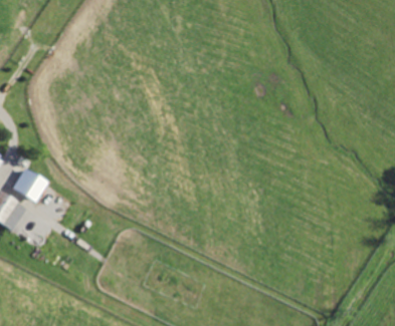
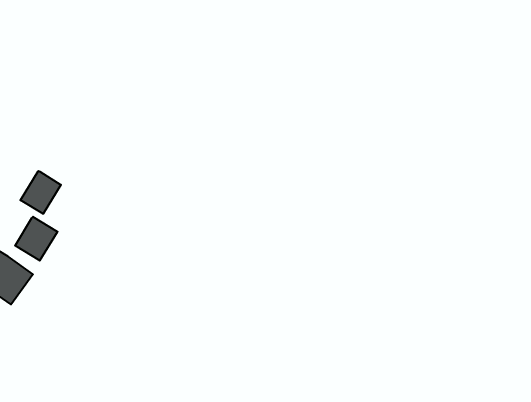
building: none -> [20,171,61,214]

